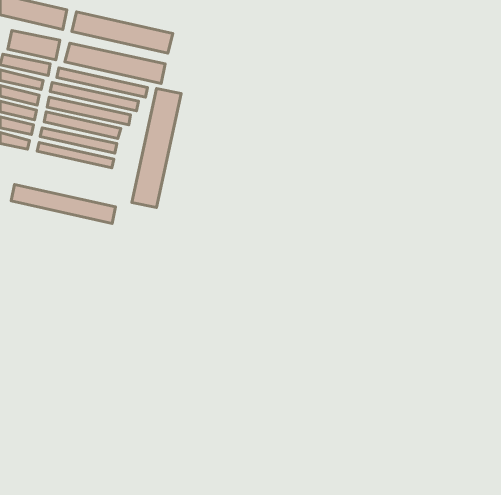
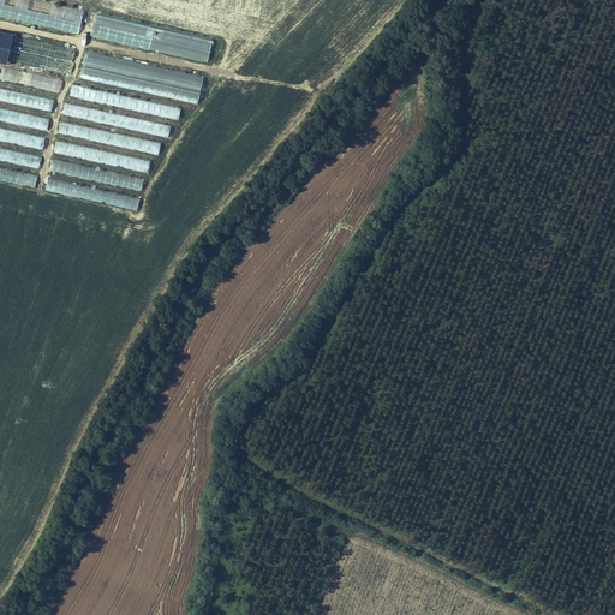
building: [132,89,181,207] -> none
building: [11,184,115,223] -> none

